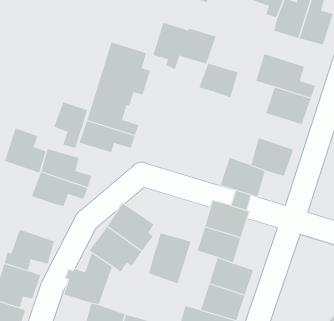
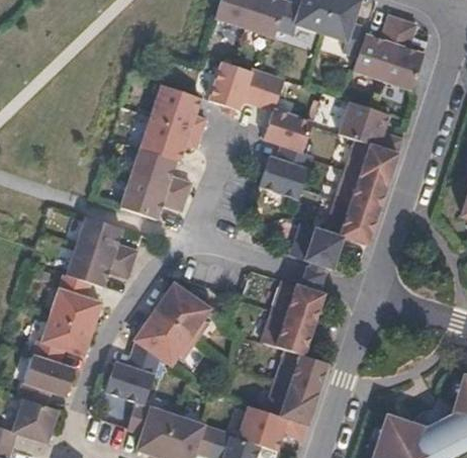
building: none -> [259,146,314,201]
building: [54,102,88,149] -> none
building: none -> [335,171,387,214]
building: [4,127,47,173] -> [51,269,101,324]
building: [149,232,191,284] -> none

